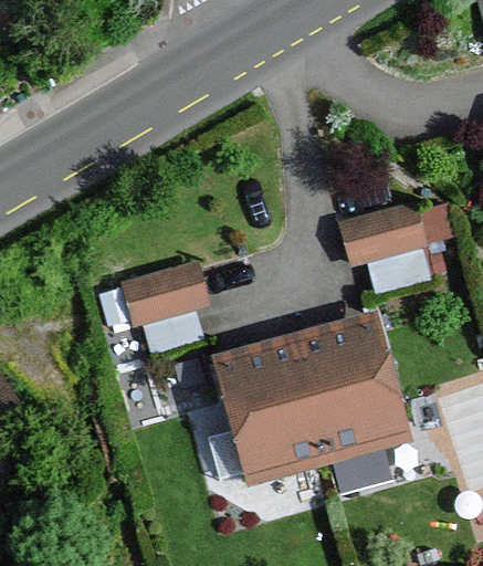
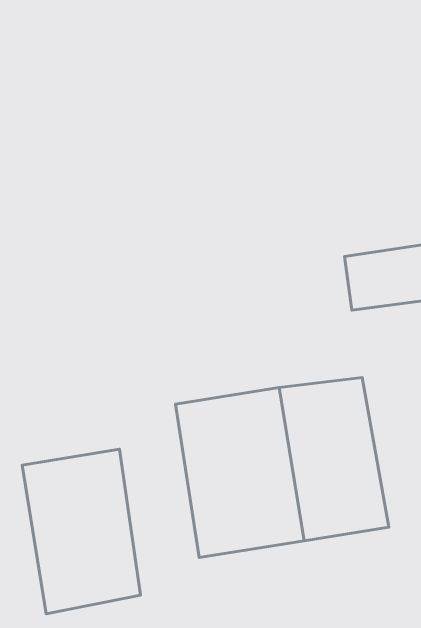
building: [120,262,214,328] -> none
building: none -> [22,449,140,614]

